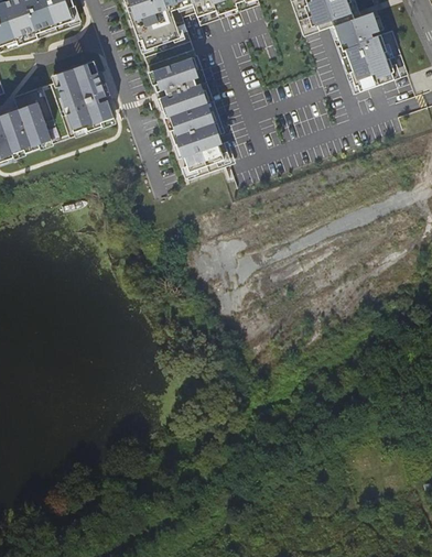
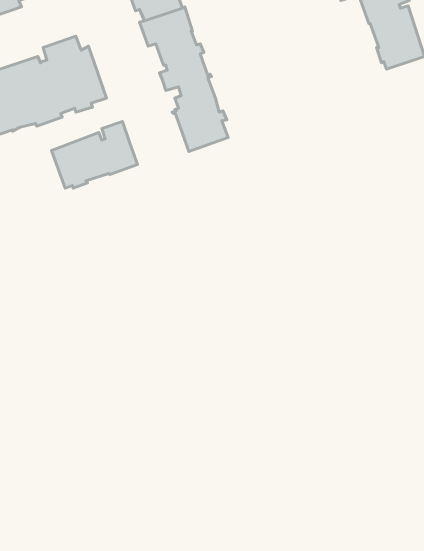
building: none -> [52,121,137,188]

